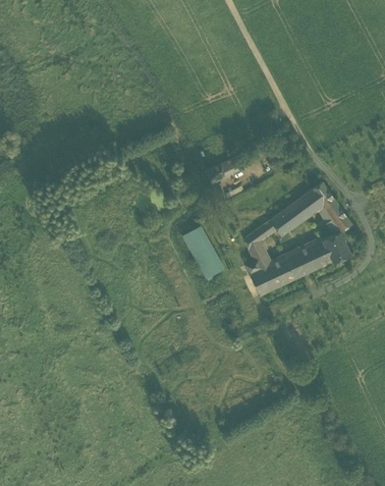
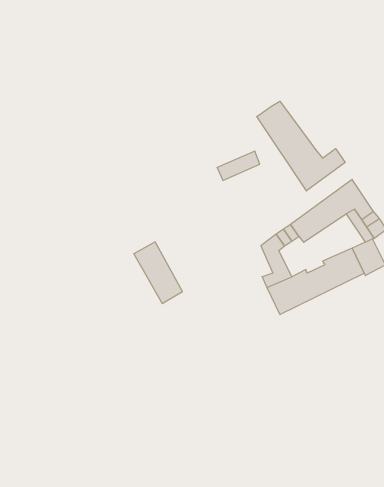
building: none -> [257,101,345,191]
building: [182,224,224,277] -> [134,242,182,304]

